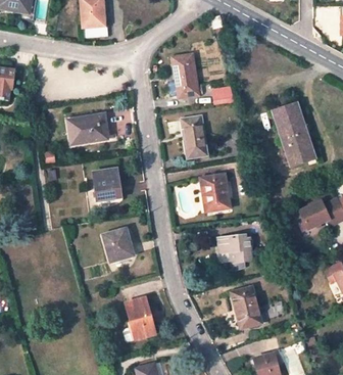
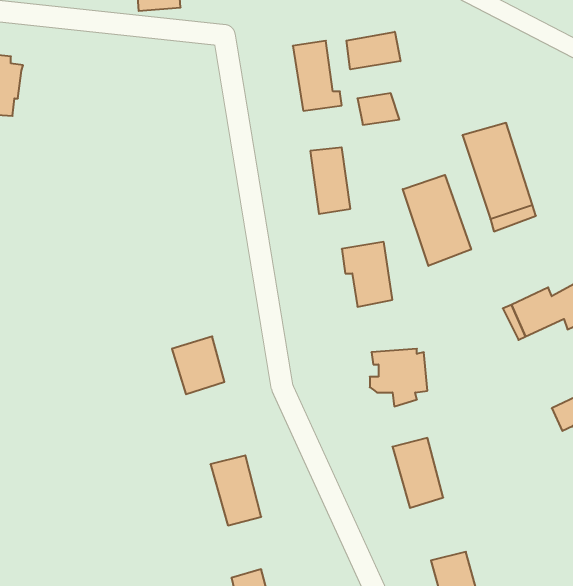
building: none -> [346,32,400,69]
building: [67,114,107,143] -> none
building: none -> [403,175,471,266]
building: [93,170,120,199] -> none

